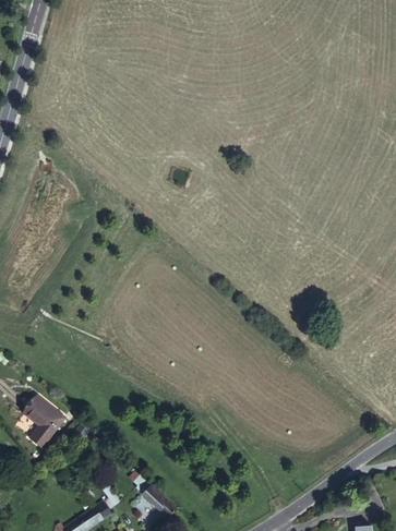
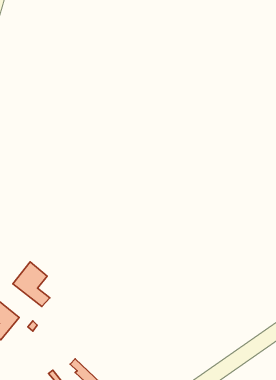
building: none -> [13,262,50,307]

